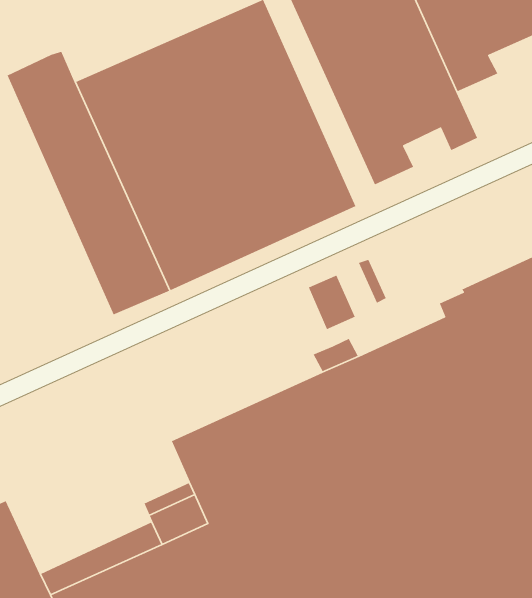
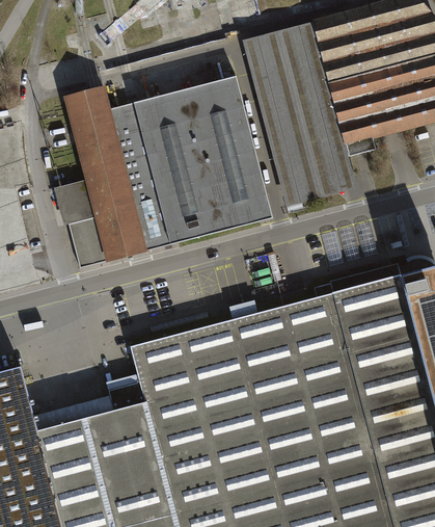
building: none -> [307,178,336,200]
building: none -> [58,180,106,268]
building: [308,274,356,330] -> none

